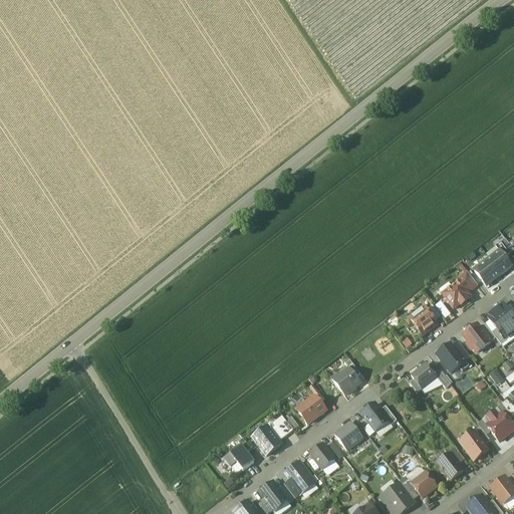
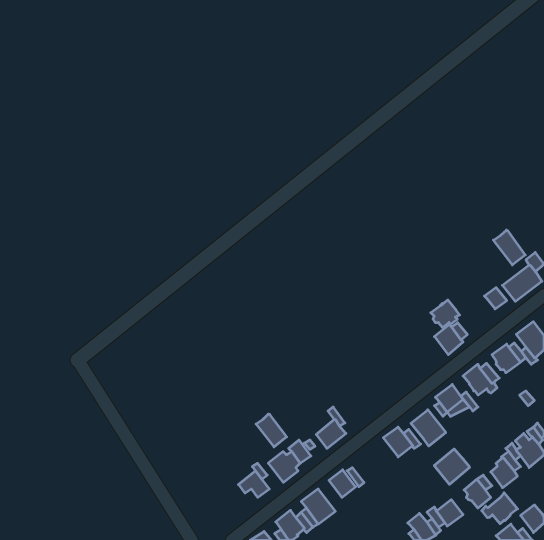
building: none -> [493,230,525,265]
building: [443,281,470,307] -> [431,300,460,328]
building: [332,367,360,395] -> none
building: none -> [411,410,446,446]
building: none -> [256,414,287,447]
building: [335,422,362,450] -> none
building: none -> [434,449,469,484]
building: none -> [482,493,518,524]

